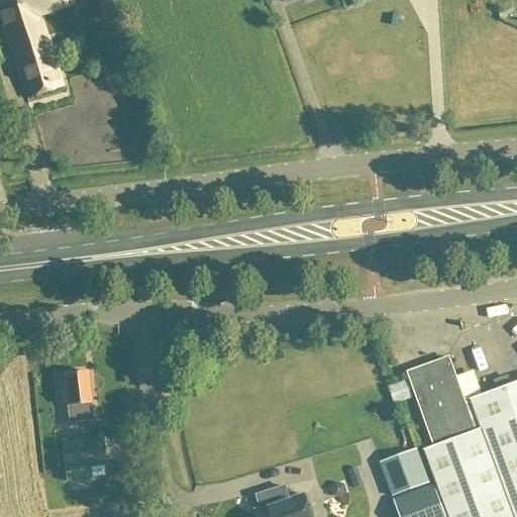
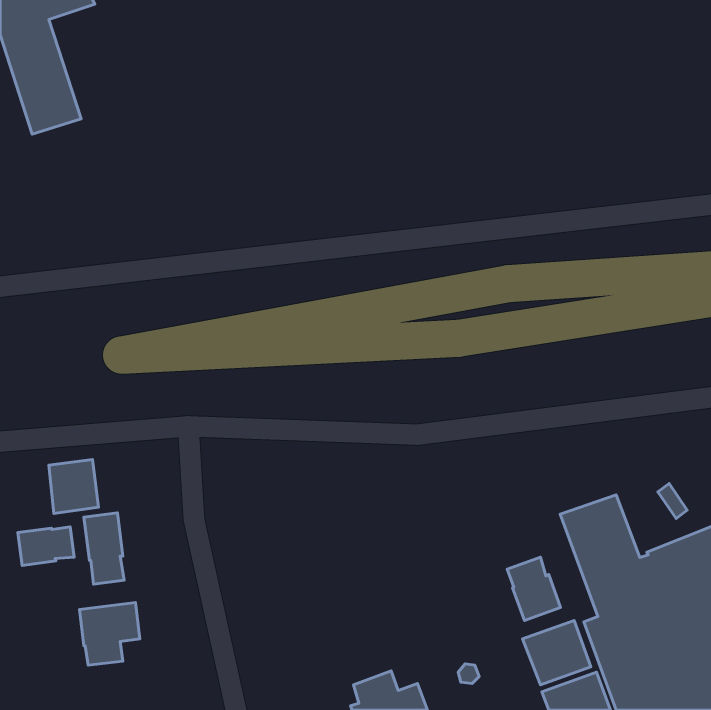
building: none -> [49,460,99,513]
building: none -> [18,527,74,565]
building: none -> [507,557,561,621]

